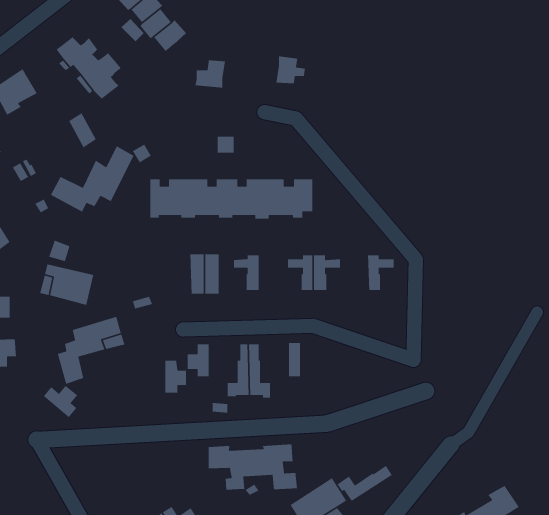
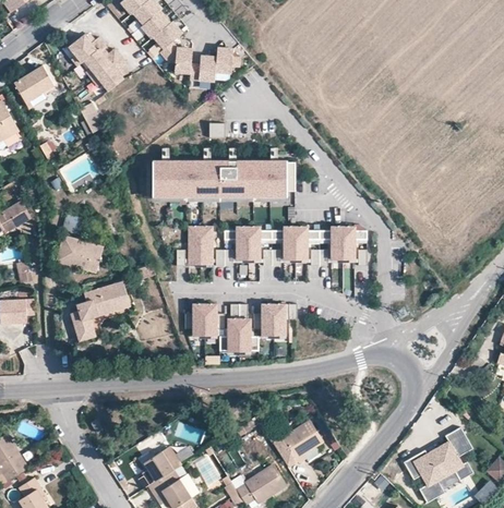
building: none -> [163,44,193,74]
building: [276,56,306,84] -> [216,49,242,74]
building: [50,145,135,213] -> none
building: none -> [248,227,272,258]
building: none -> [319,227,343,258]
building: none -> [253,303,273,334]
building: [164,360,187,393] -> [204,304,224,334]
building: [43,385,78,418] -> none
building: [208,444,298,491] -> none
building: [336,465,393,502] -> none

